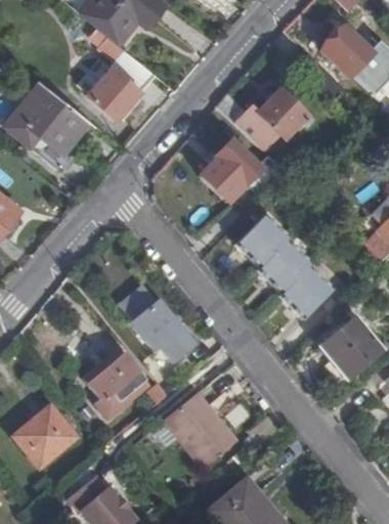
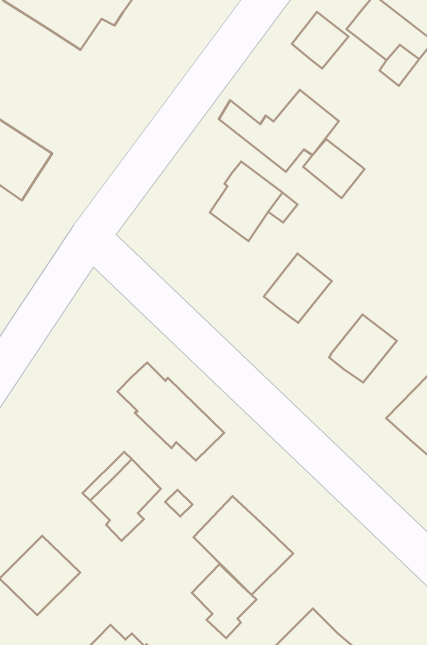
building: [87,26,155,117] -> none
building: none -> [292,12,348,69]
building: none -> [303,139,364,198]
building: [258,241,311,293] -> none
building: none -> [192,564,256,638]

